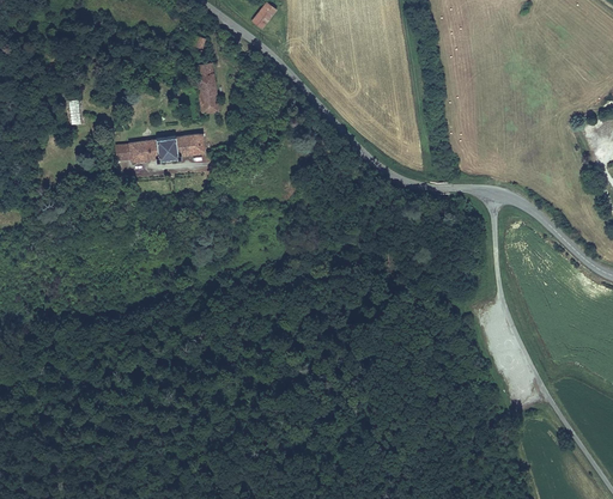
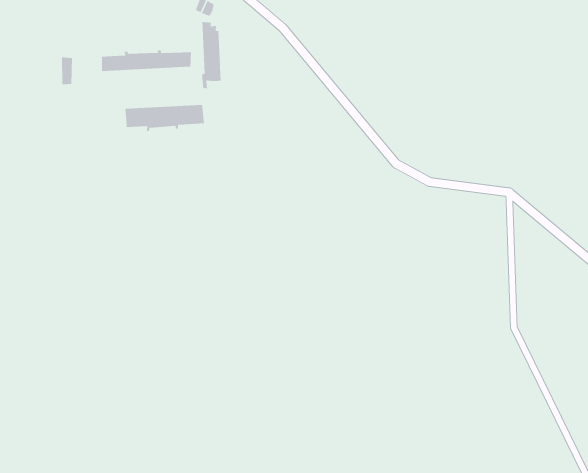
building: none -> [101,50,192,72]

